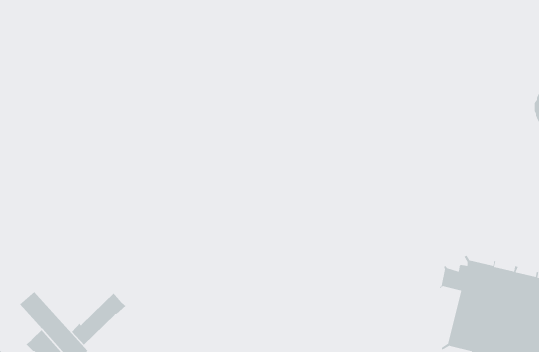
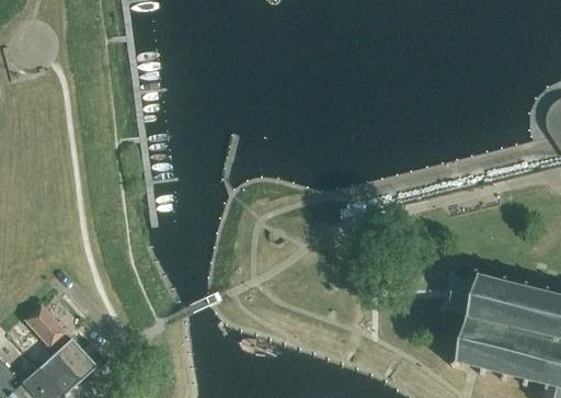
building: [71,293,127,345] -> none

